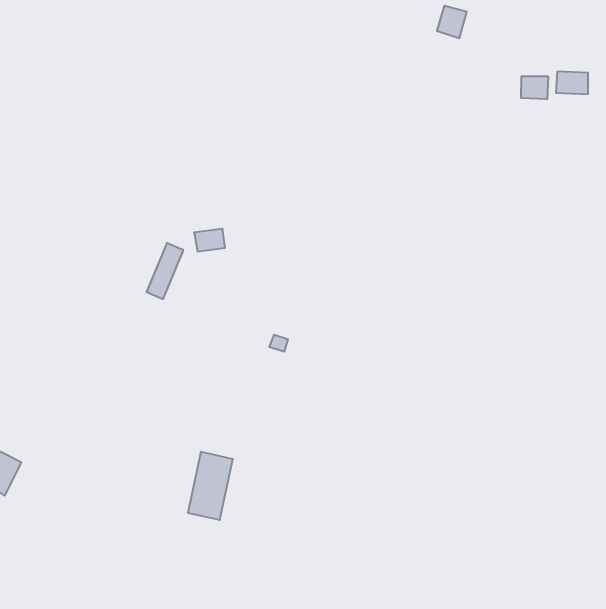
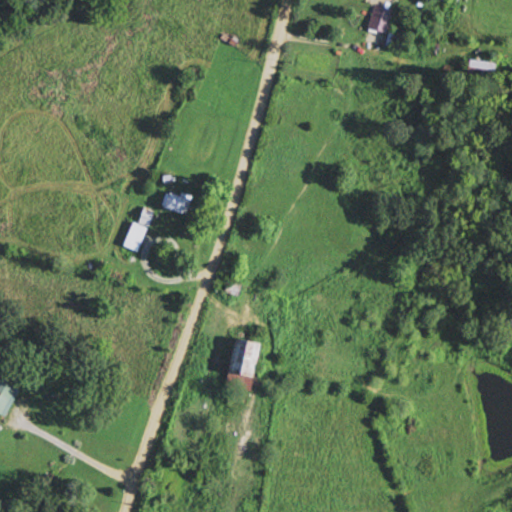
building: [521,76,548,99] -> none
building: [188,452,233,520] -> [225,336,263,393]

